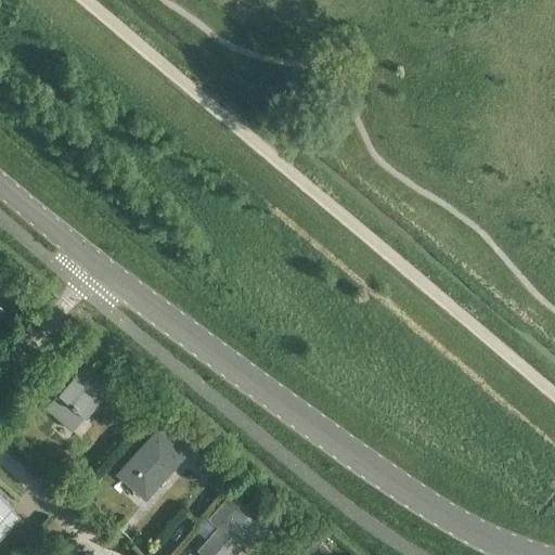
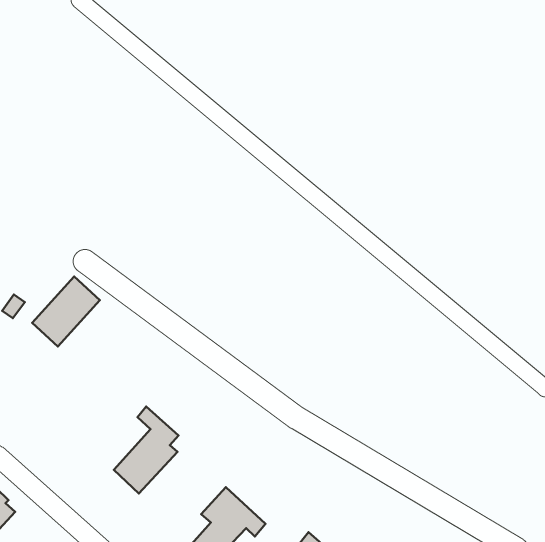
building: [40,367,108,438] -> [32,277,100,347]

